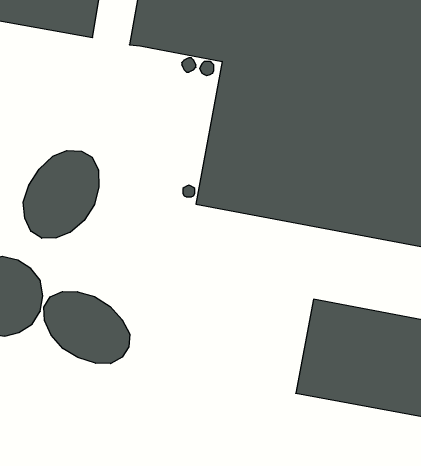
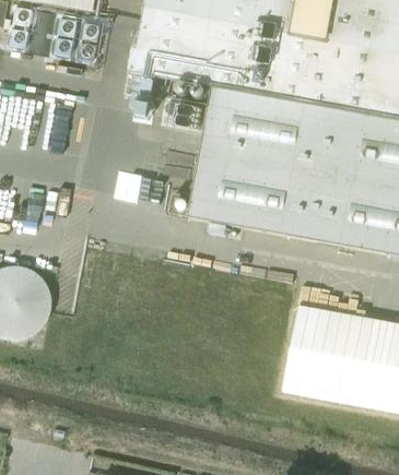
building: [23,151,99,238] -> none
building: [44,292,130,364] -> none

